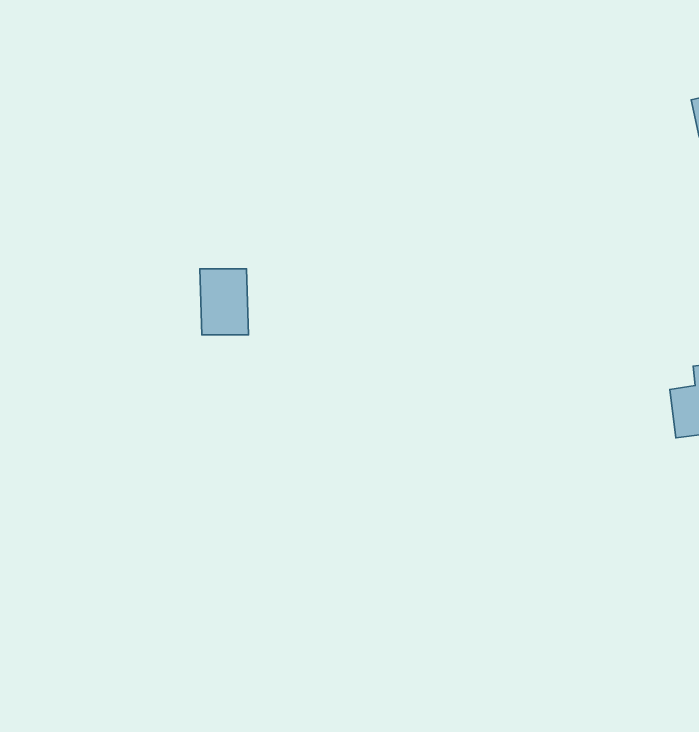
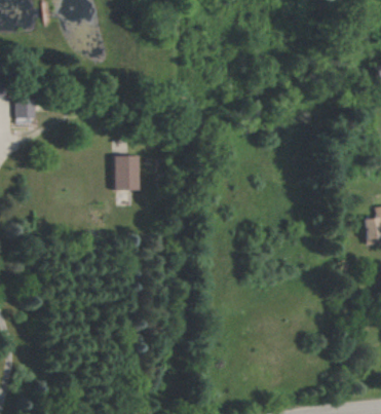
building: none -> [15,98,35,118]

